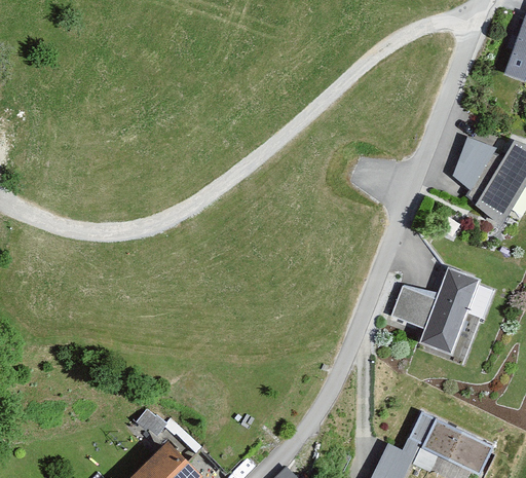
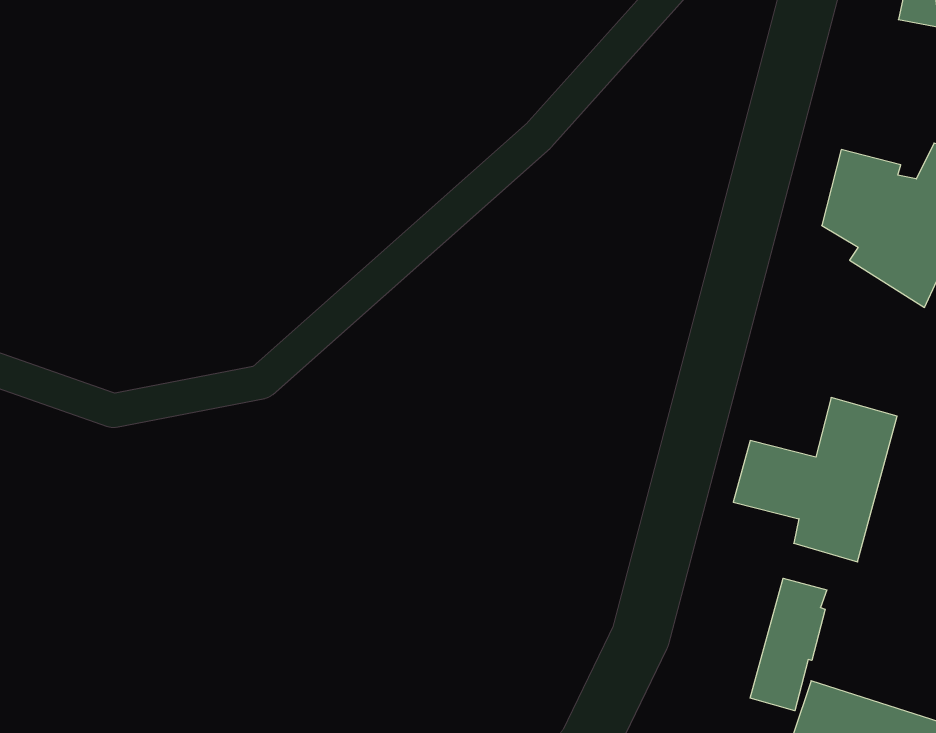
building: none -> [750,578,827,711]

